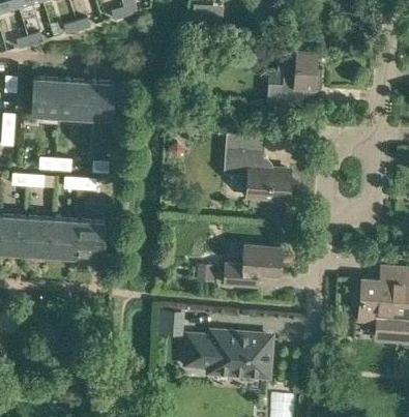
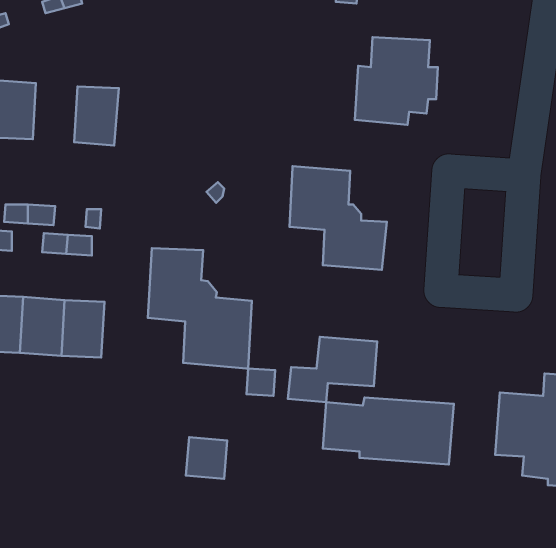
building: [58,80,87,118] -> none
building: none -> [148,248,252,369]
building: [185,332,270,376] -> [323,397,454,464]

